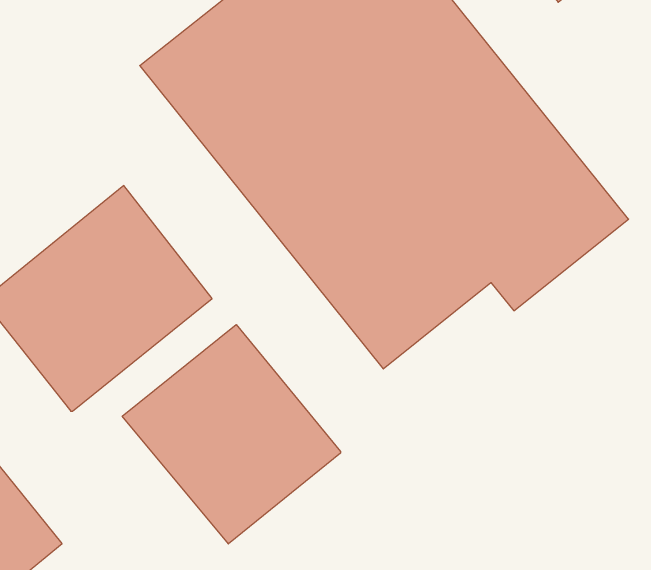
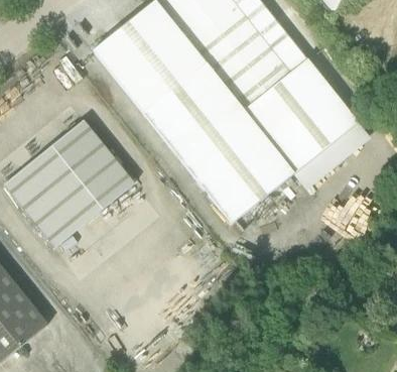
building: [122,325,341,544] -> none

